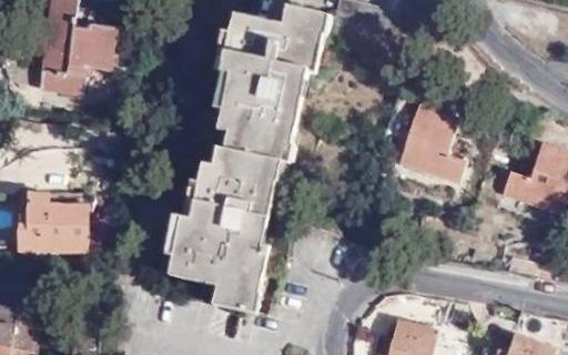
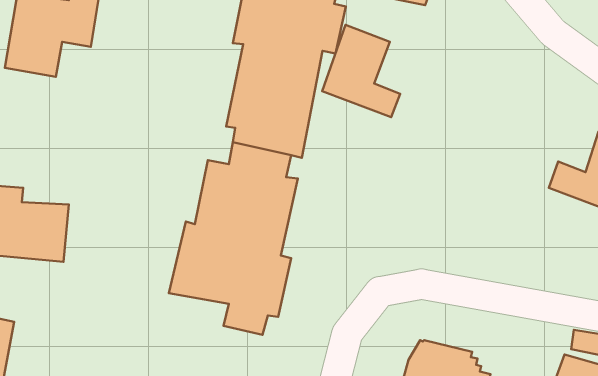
building: [396,103,463,182] -> [322,25,400,117]

